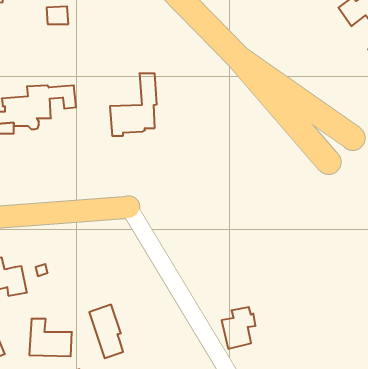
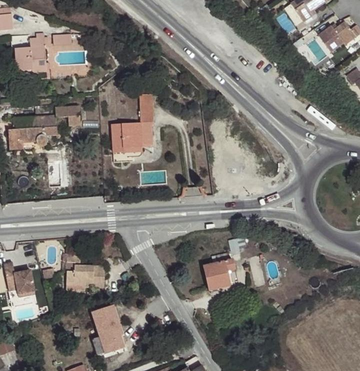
building: none -> [15,37,48,72]
building: [222,307,256,349] -> [203,253,234,291]
building: [29,319,72,356] -> [66,254,105,288]

